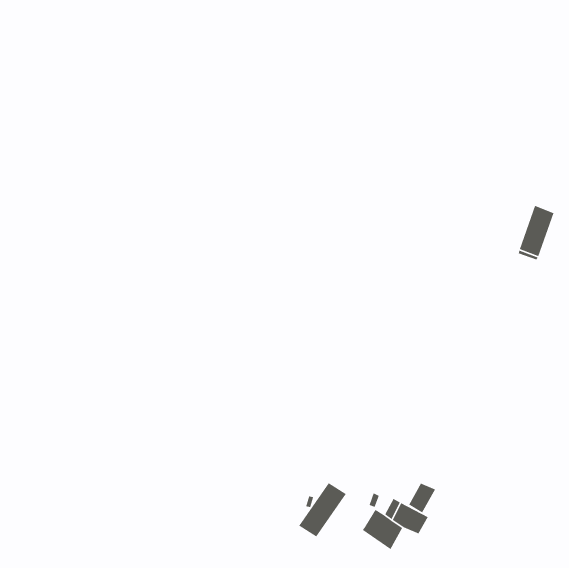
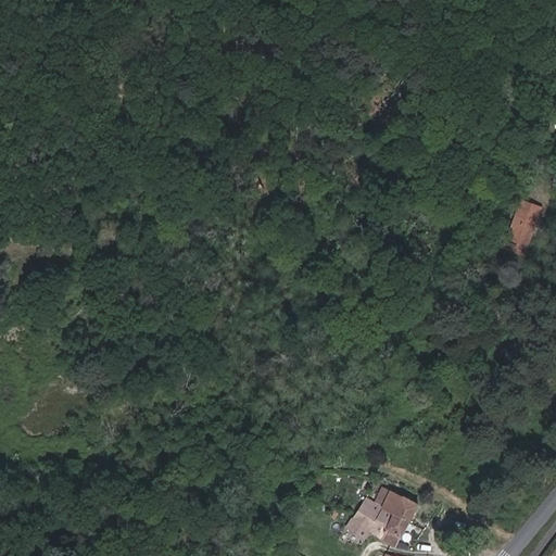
building: [298,482,347,537] -> none
building: [408,482,436,514] -> [381,516,408,546]

